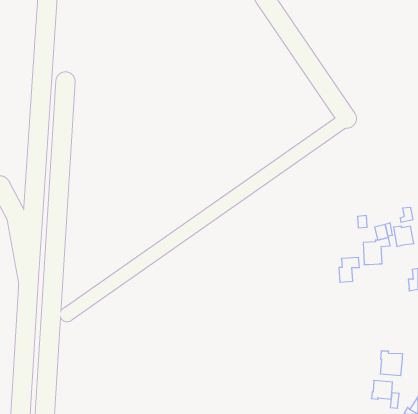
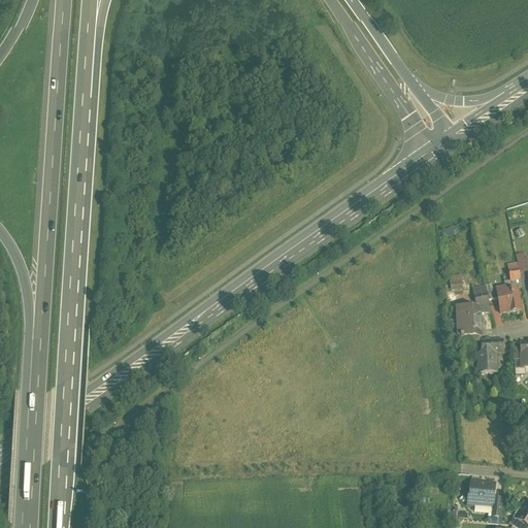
building: [339,258,359,282] -> [478,338,504,369]
building: [380,351,402,376] -> none

